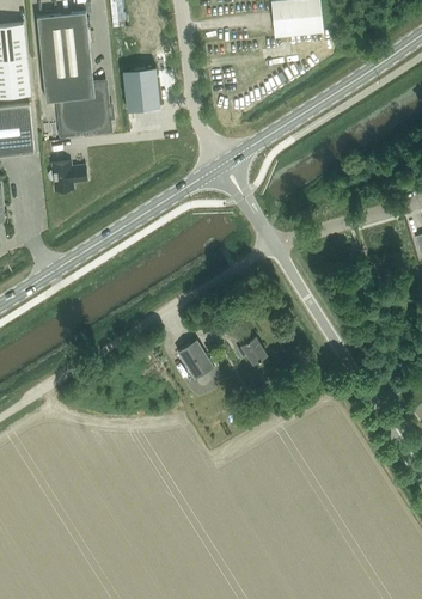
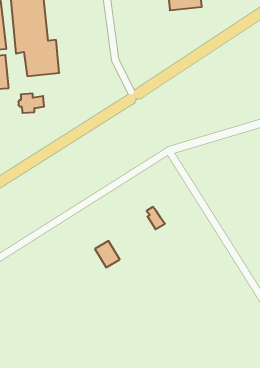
building: [122,66,159,110] -> none
building: [177,340,214,379] -> [95,241,120,267]

